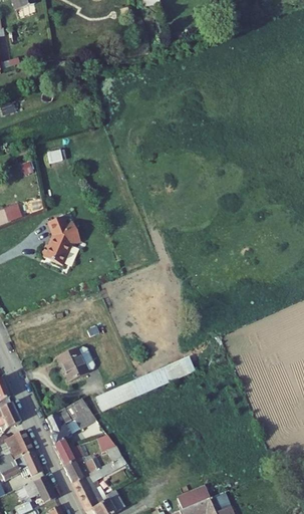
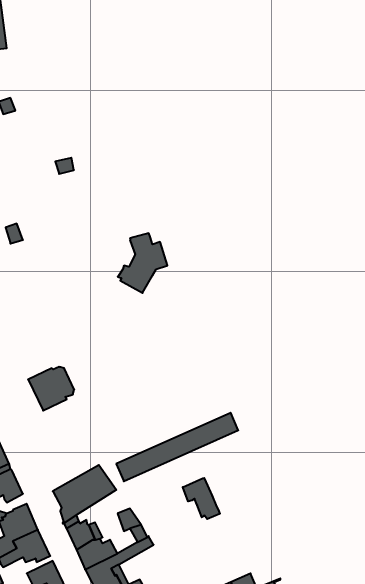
building: [40,218,80,266] -> [118,233,167,293]
building: [57,346,94,381] -> [28,367,74,411]
building: none -> [183,478,220,519]

